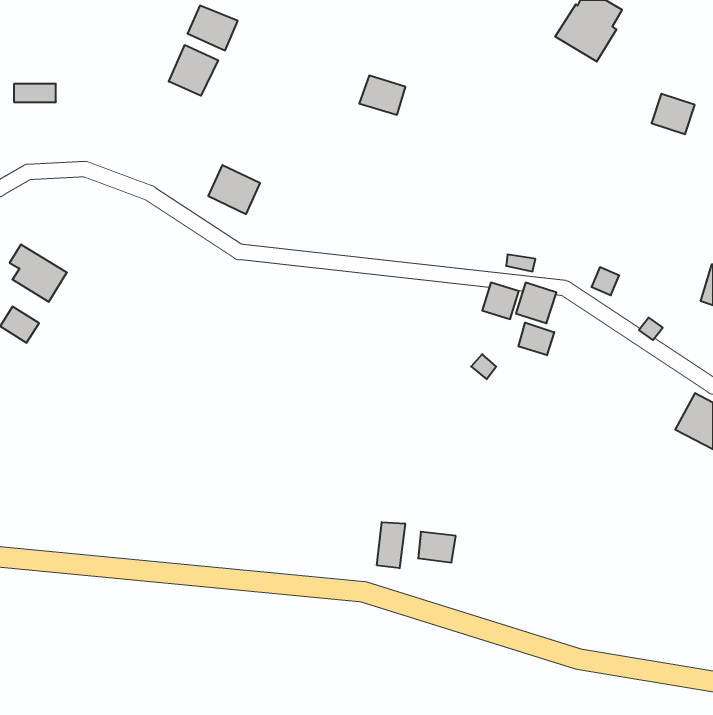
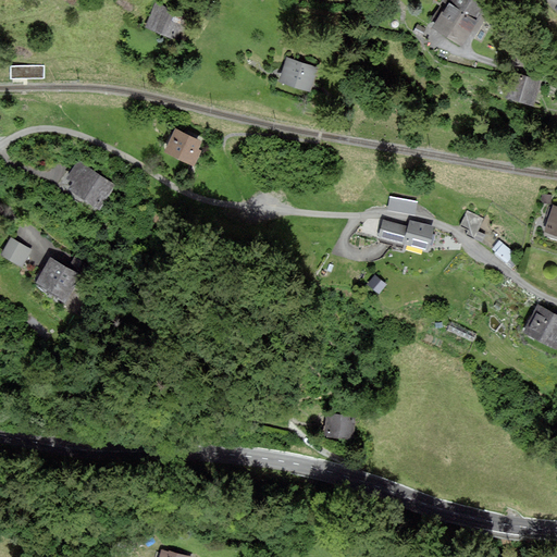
building: [169,45,218,96] -> none
building: [10,245,67,302] -> [69,162,113,207]
building: [519,323,554,355] -> none
building: none -> [35,258,81,300]
building: [377,522,405,568] -> none

